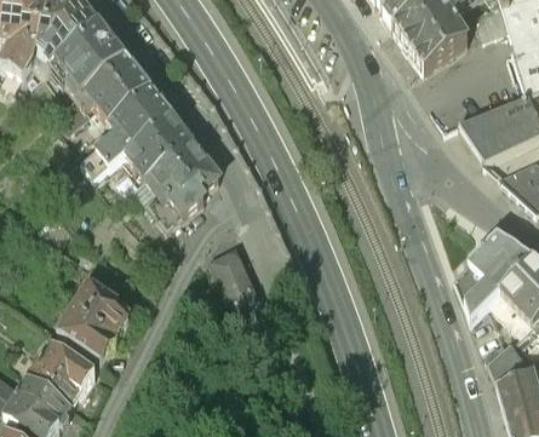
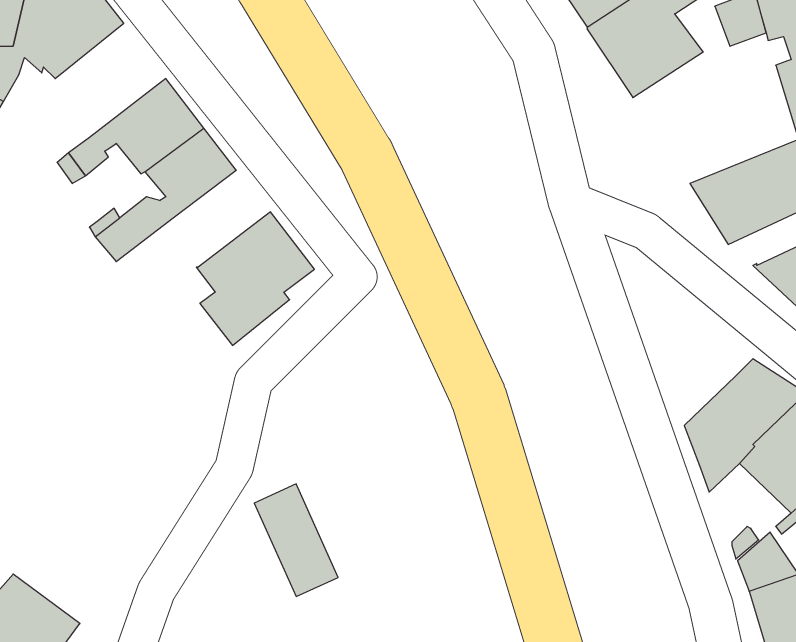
building: [55,21,125,93] -> none
building: [130,114,191,176] -> none
building: [210,245,263,316] -> [254,484,338,596]
building: [57,278,128,357] -> none
building: [28,337,96,402] -> none

